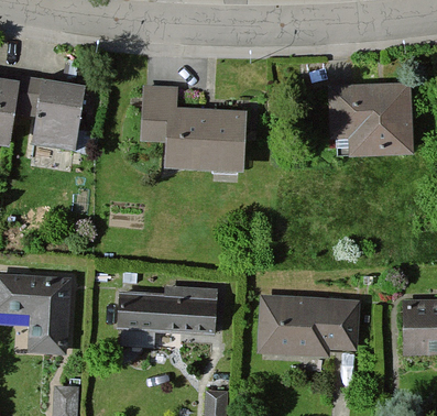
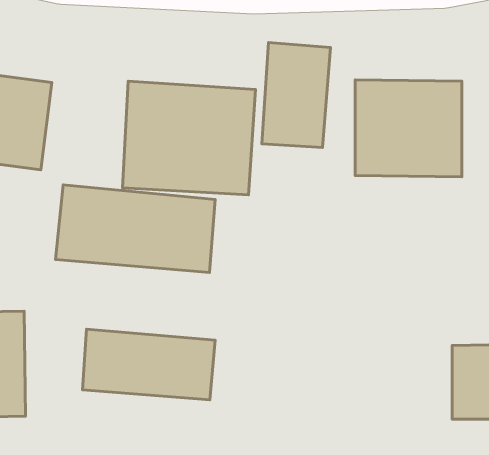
building: none -> [262,42,330,148]
building: none -> [55,185,215,273]
building: [260,289,358,359] -> none

